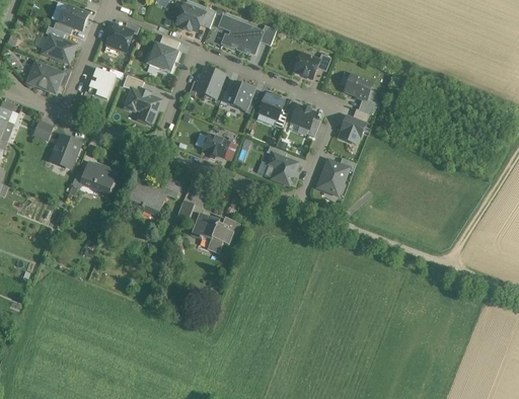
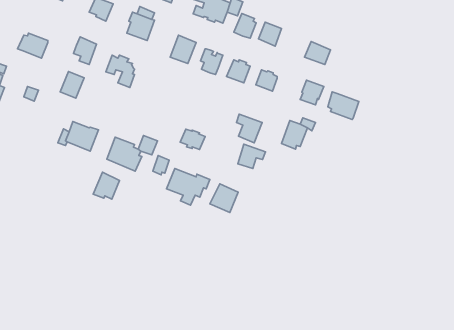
building: [41,33,73,62] -> none
building: none -> [234,13,256,38]
building: none -> [328,92,359,119]
building: [202,134,229,156] -> [180,129,205,150]
building: [52,137,78,166] -> [60,71,84,98]
building: none -> [238,144,266,169]
building: none -> [93,172,120,199]
building: none -> [210,184,238,212]

